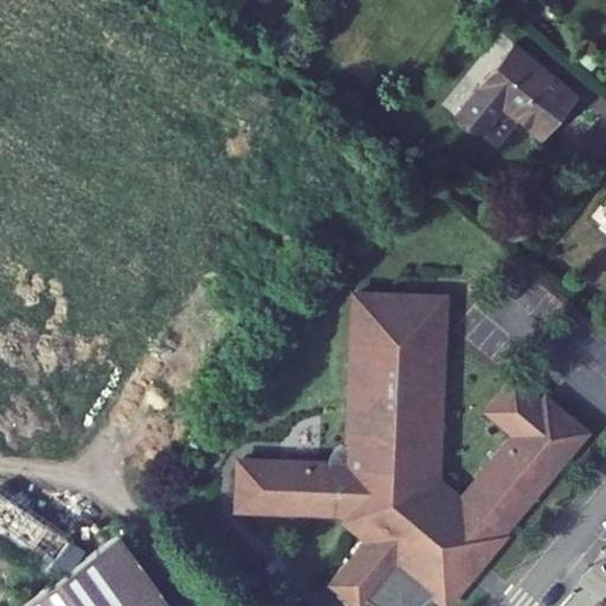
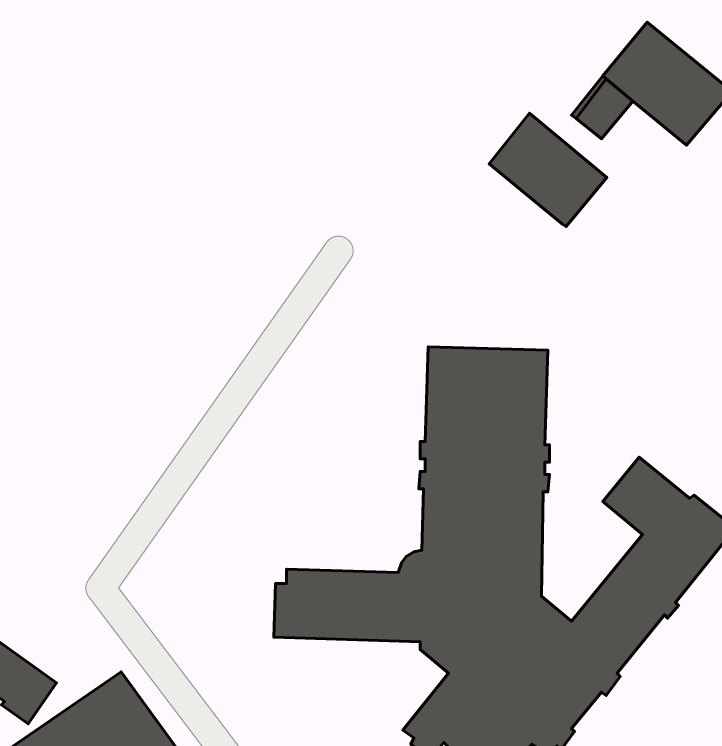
building: none -> [489,113,607,227]

